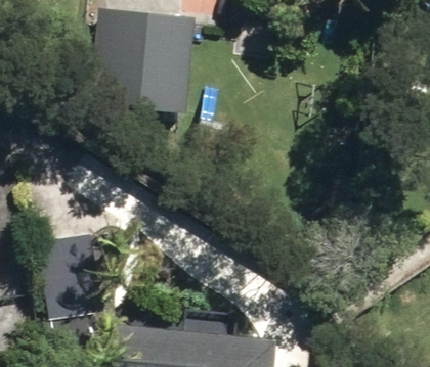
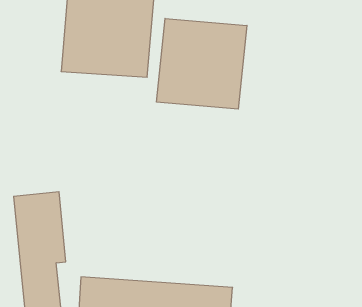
building: none -> [157,18,247,109]

